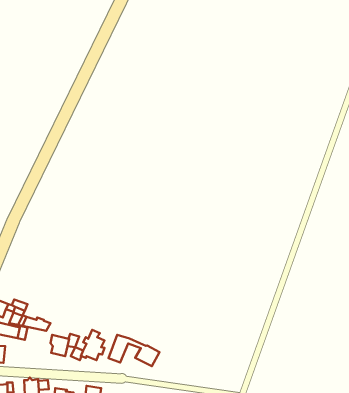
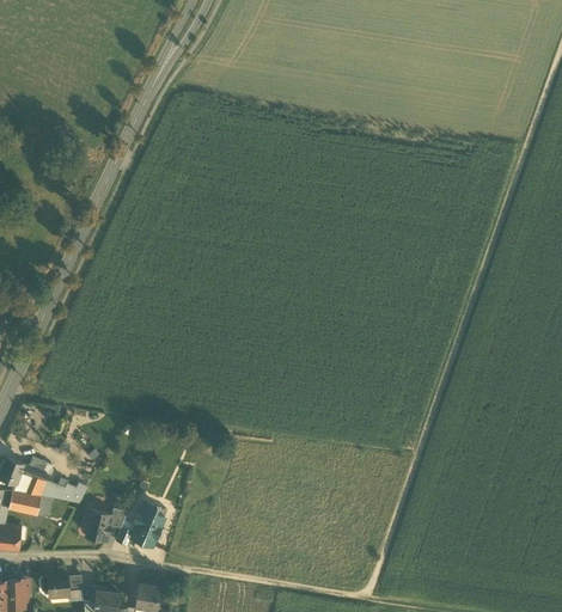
building: [108,335,160,366] -> none

